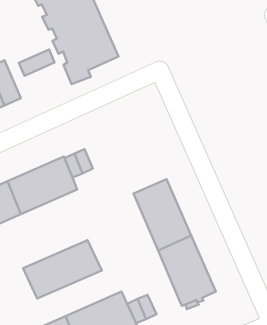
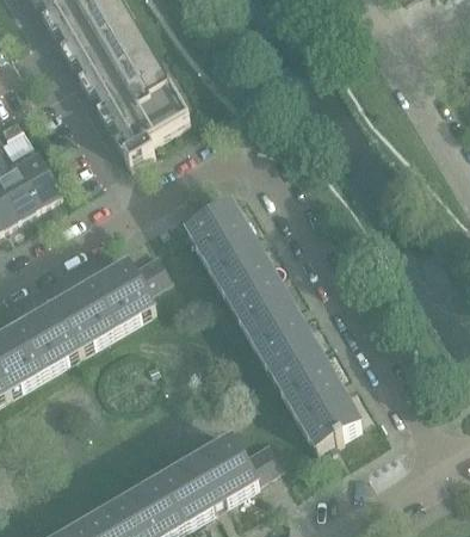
building: [19,50,55,76] -> none
building: none -> [187,199,273,298]
building: [23,240,102,299] -> none

